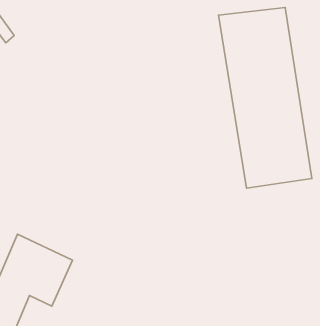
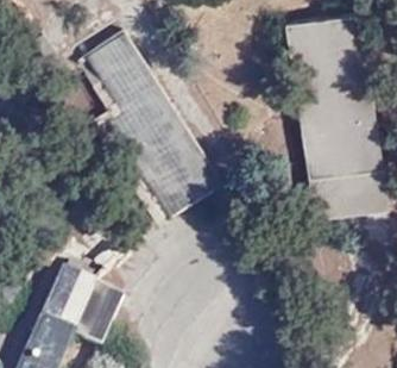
building: none -> [81,26,216,212]

